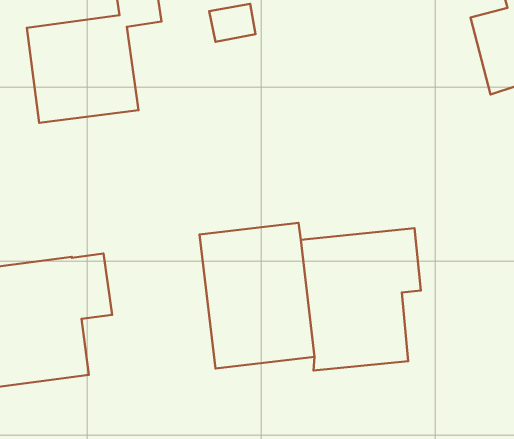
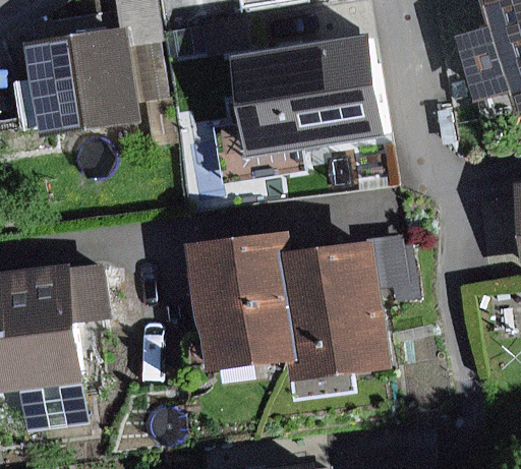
building: none -> [211,46,380,188]

